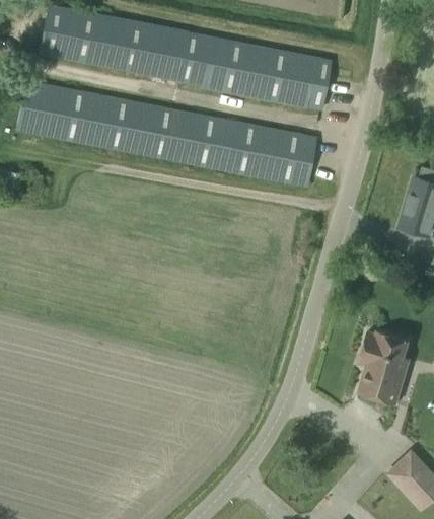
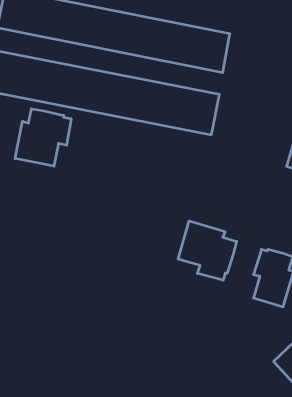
building: none -> [15,109,71,166]
building: none -> [178,221,237,280]

